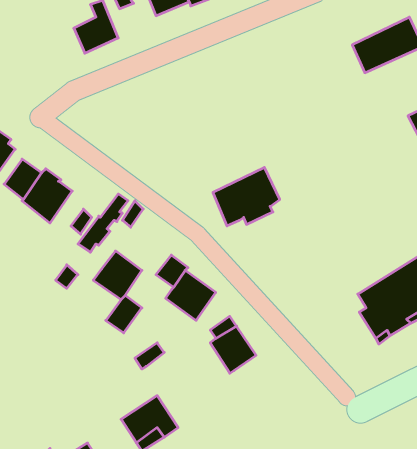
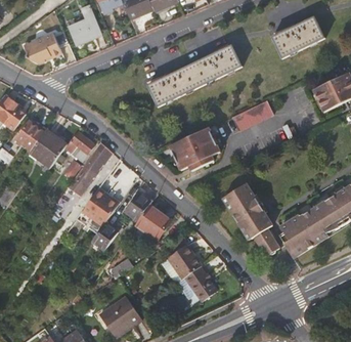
building: none -> [24,28,68,62]
building: none -> [147,46,242,106]
building: none -> [231,100,273,131]
building: none -> [67,133,95,162]
building: none -> [223,182,277,255]
building: none -> [185,266,217,301]

